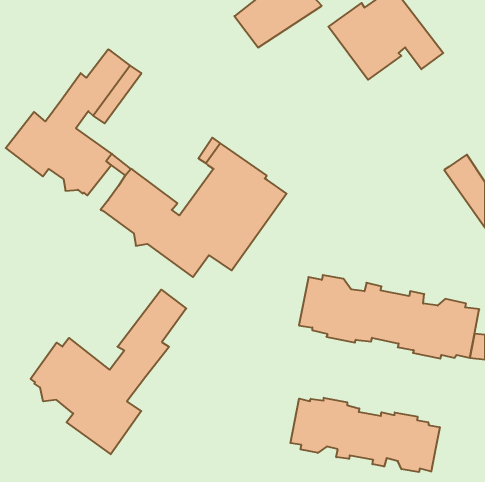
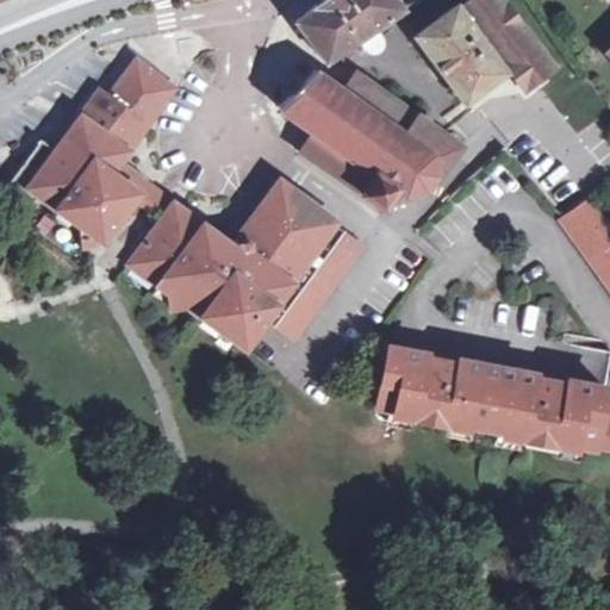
building: none -> [287,62,460,212]
building: [31,290,186,454] -> none
building: [290,398,440,472] -> none

